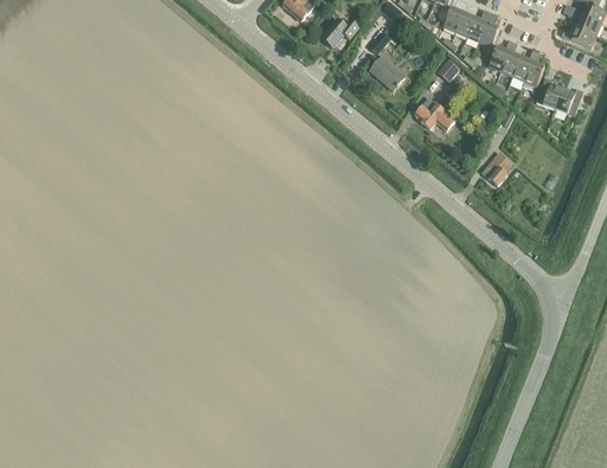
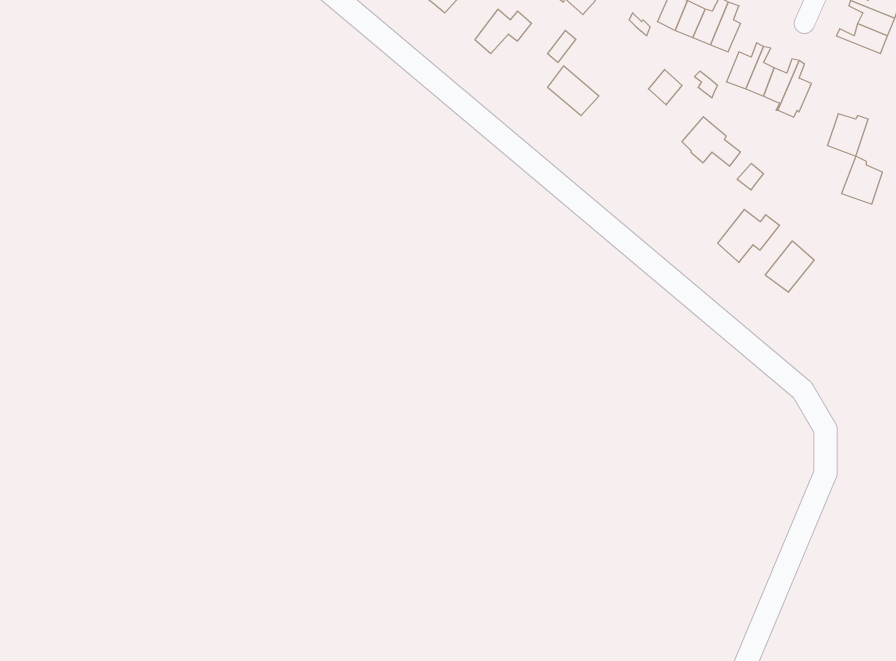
building: [537,77,564,109] -> [842,156,882,204]
building: [415,97,454,130] -> [682,117,740,166]
building: none -> [765,241,814,292]

